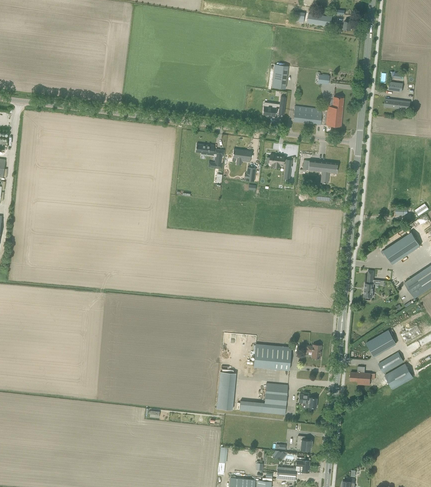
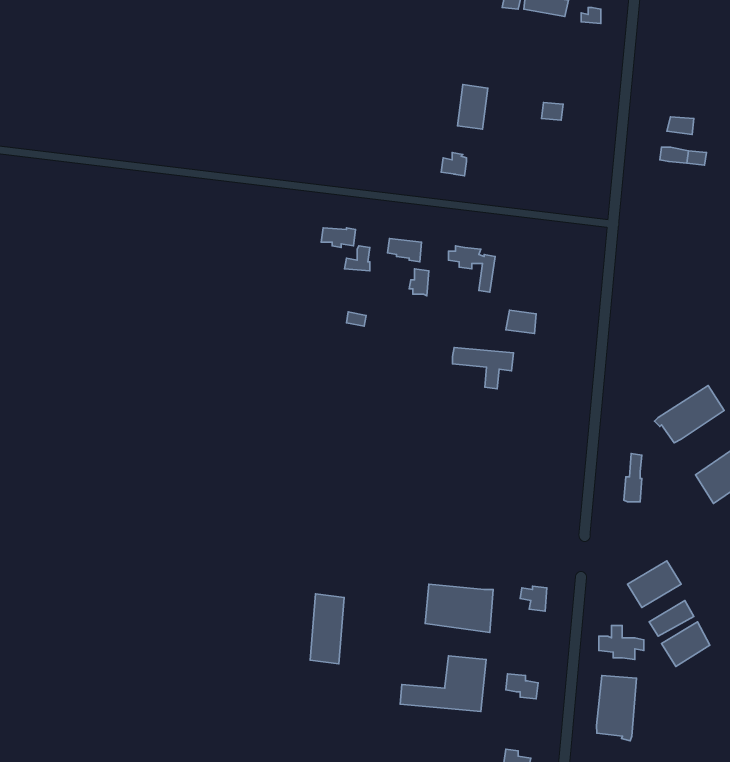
building: [293,97,343,126] -> none
building: [303,160,337,183] -> [452,348,513,389]
building: [216,370,235,409] -> [310,594,344,664]
building: none -> [597,675,637,741]

